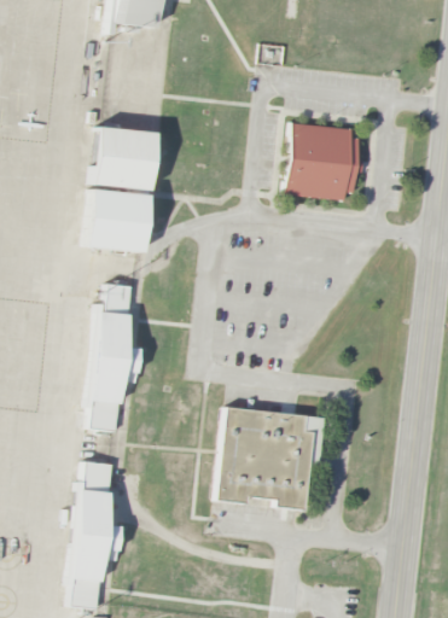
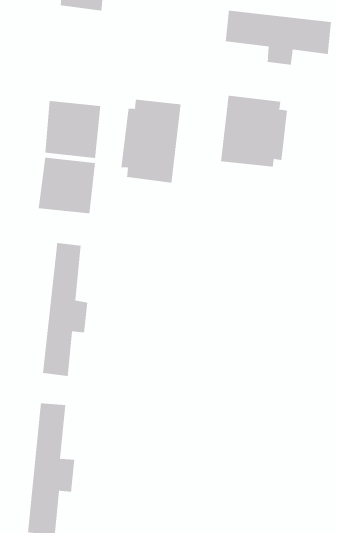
building: none -> [225,10,332,65]
building: none -> [121,99,181,184]
building: [216,406,313,509] -> none

